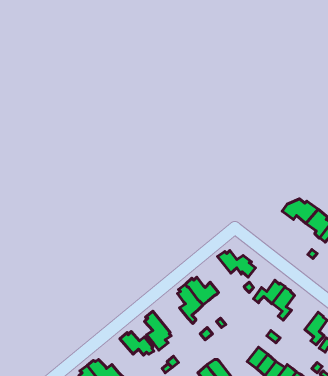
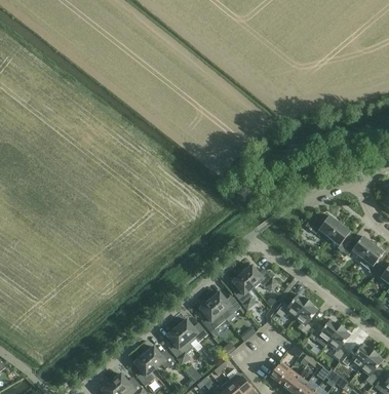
building: none -> [233,271,256,311]
building: none -> [176,319,208,347]
building: none -> [310,320,341,347]
building: none -> [134,353,156,386]

